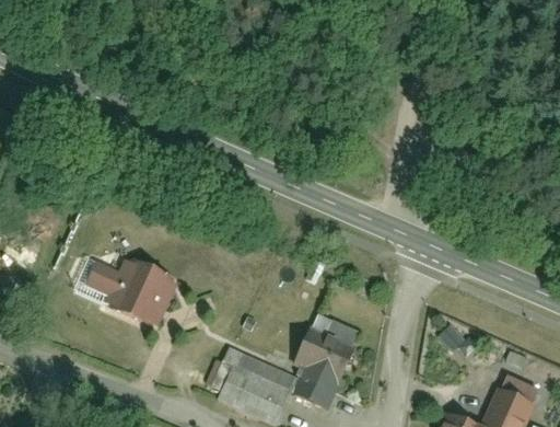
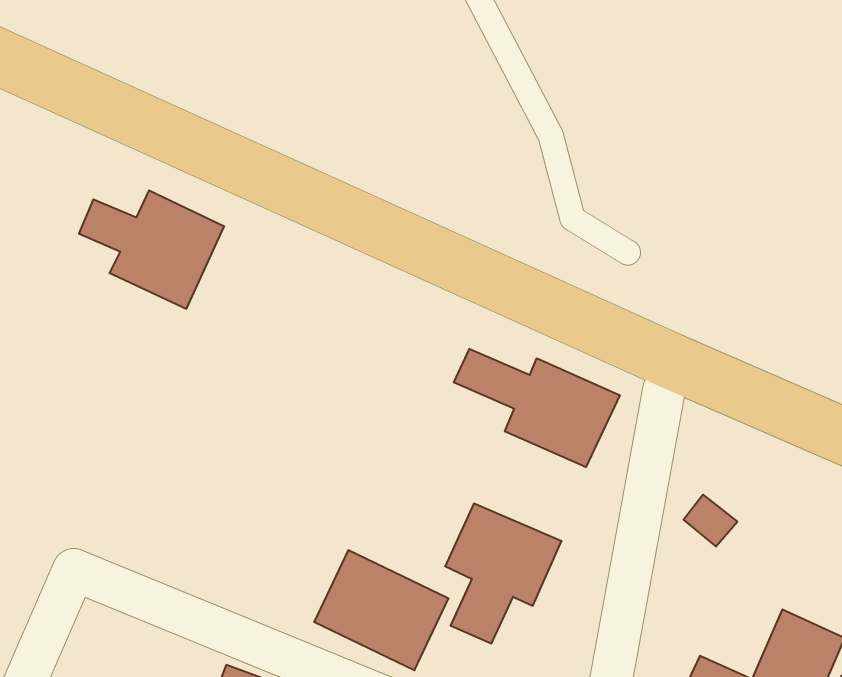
building: none -> [454,349,620,467]
building: [86,257,175,330] -> [79,190,224,309]

